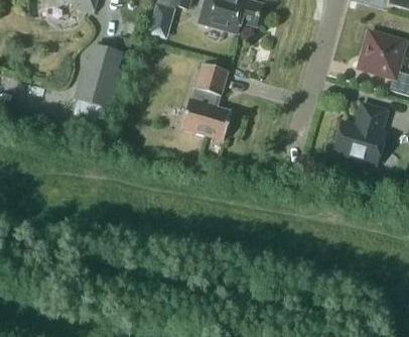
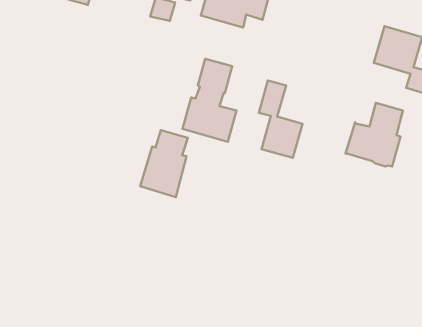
building: [75,45,119,108] -> [140,130,188,197]
building: none -> [259,80,303,158]

